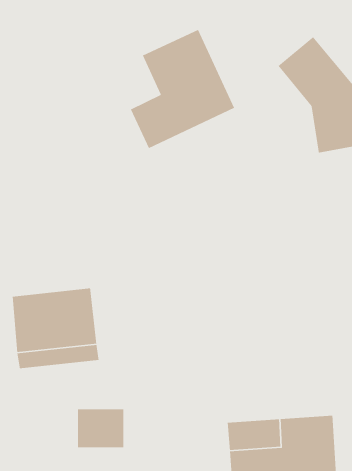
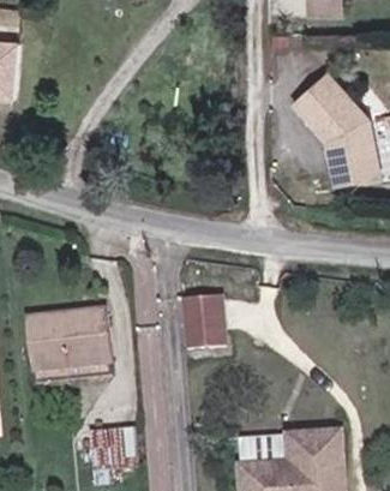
building: [130,29,235,149] -> none
building: none -> [184,297,224,348]

